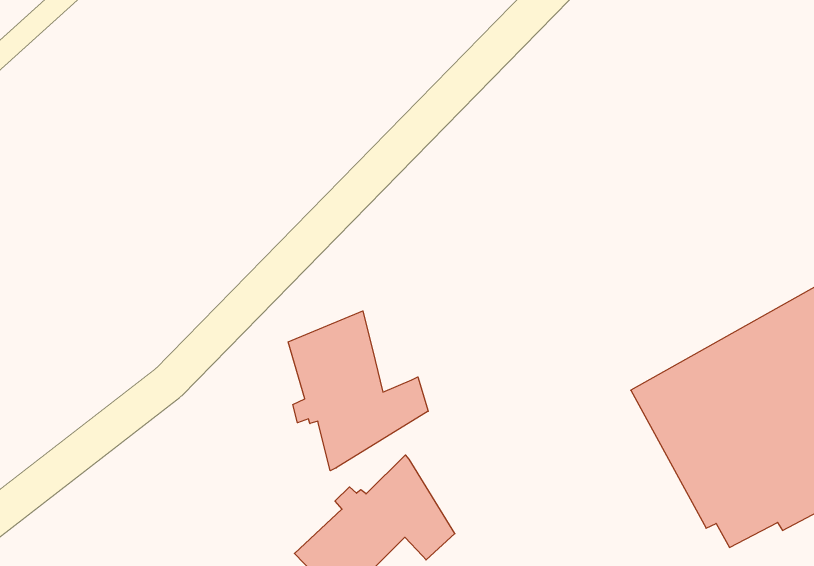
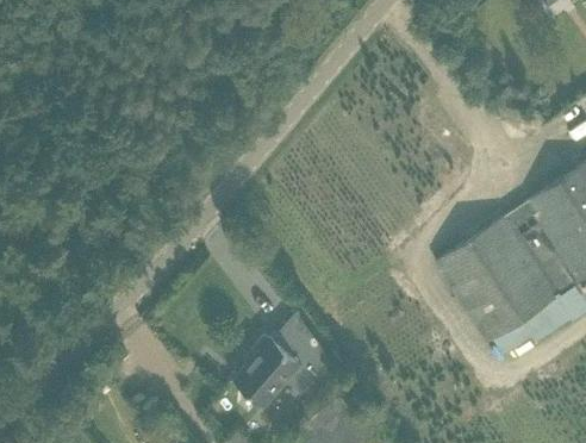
building: [288,311,428,471] -> none

